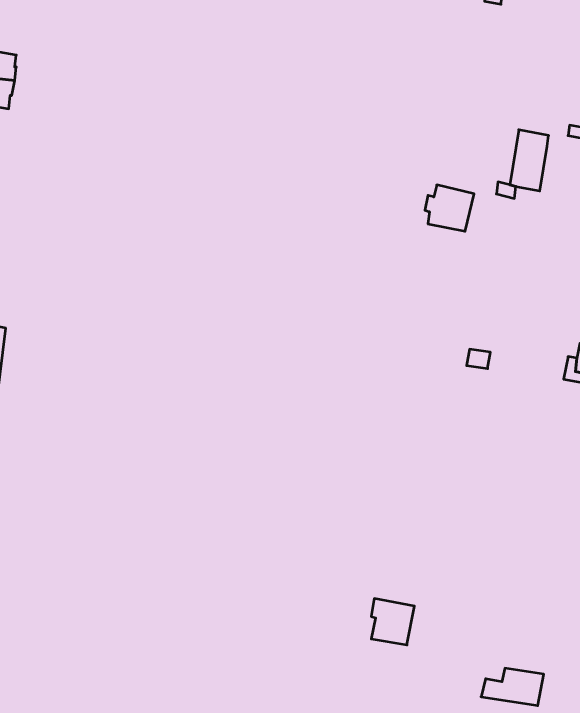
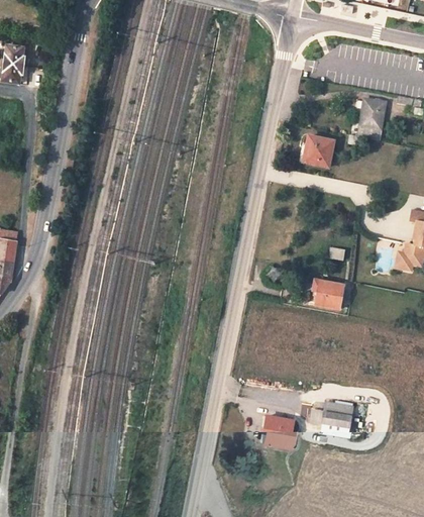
building: none -> [313,280,343,309]
building: [481,668,544,706] -> [310,402,352,427]

